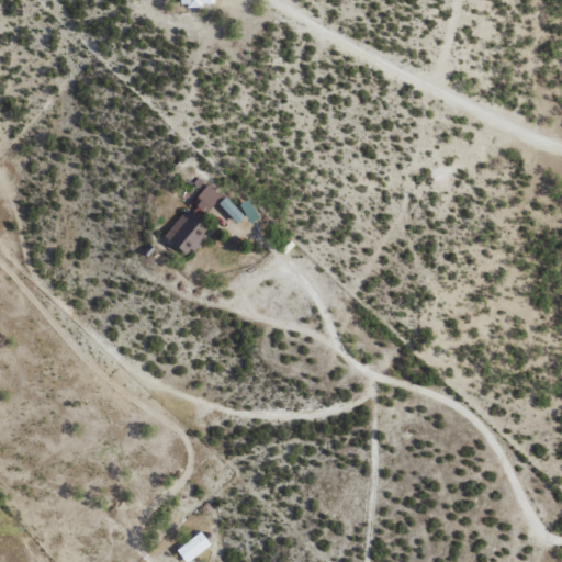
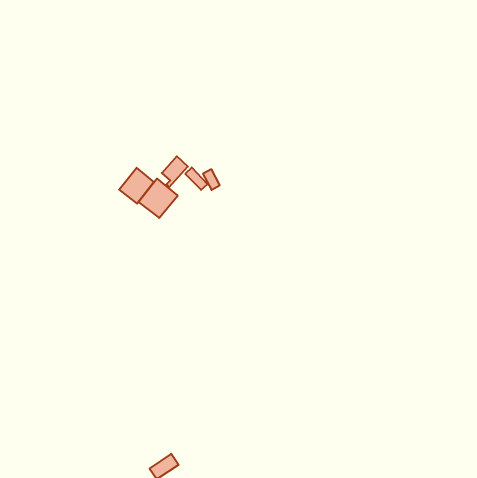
building: none -> [119,168,154,204]

